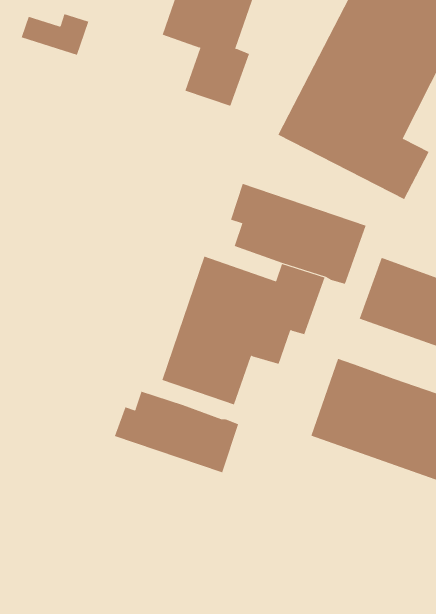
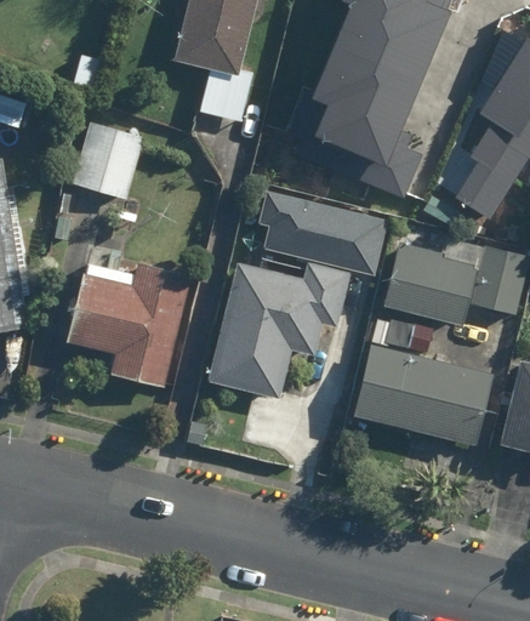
building: none -> [74,126,146,199]
building: none -> [63,261,193,389]
building: [114,391,239,473] -> none

